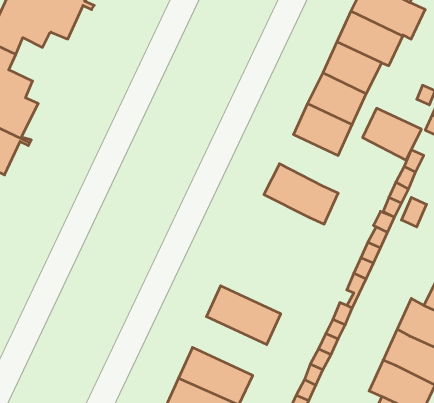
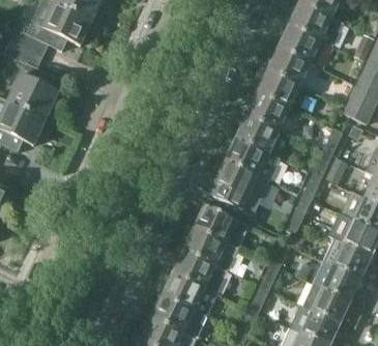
building: [363,108,421,160] -> [236,115,280,153]
building: none -> [213,160,269,215]
building: none -> [193,204,249,248]
building: none -> [172,250,227,293]

